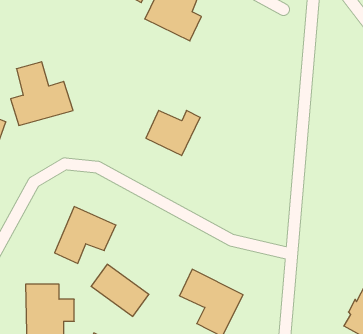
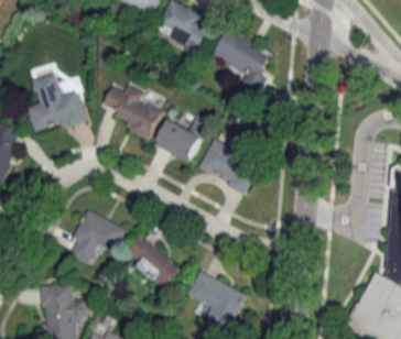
building: none -> [212,30,272,90]
building: none -> [99,85,161,134]
building: none -> [197,135,257,192]
building: [91,264,149,316] -> [124,238,180,287]

